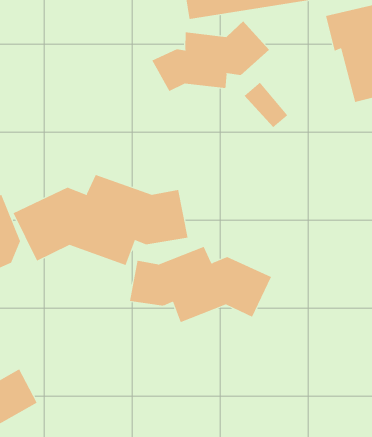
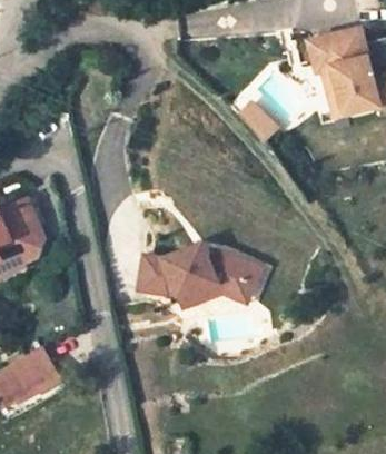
building: [152,20,270,92] -> none
building: [13,174,188,266] -> none

